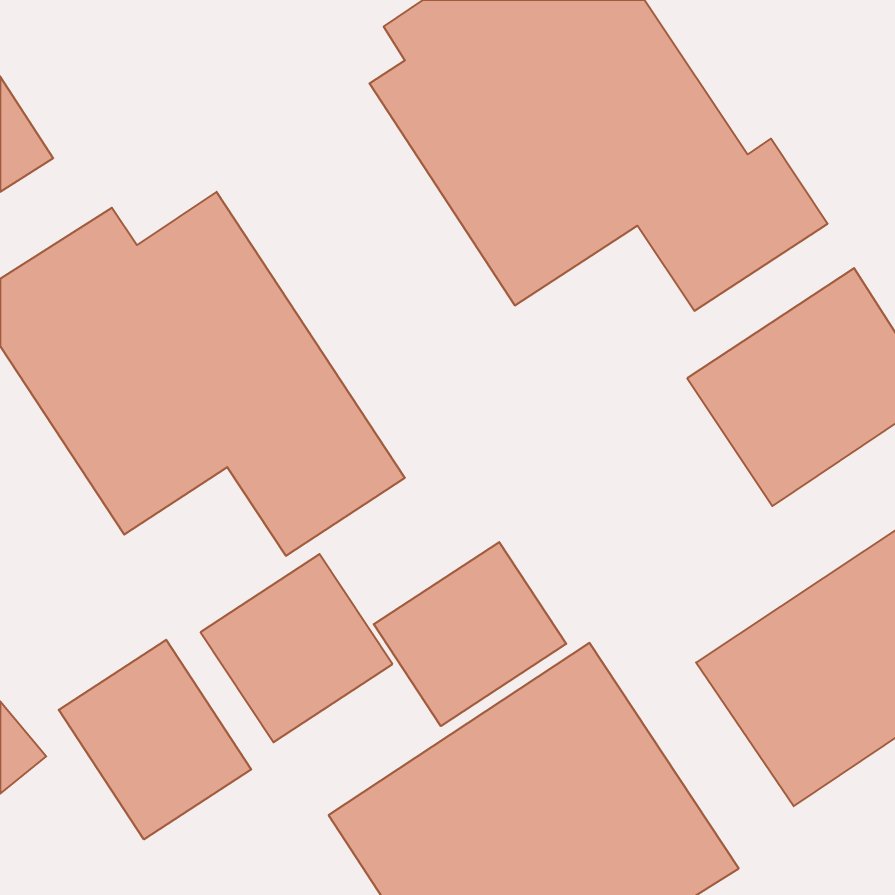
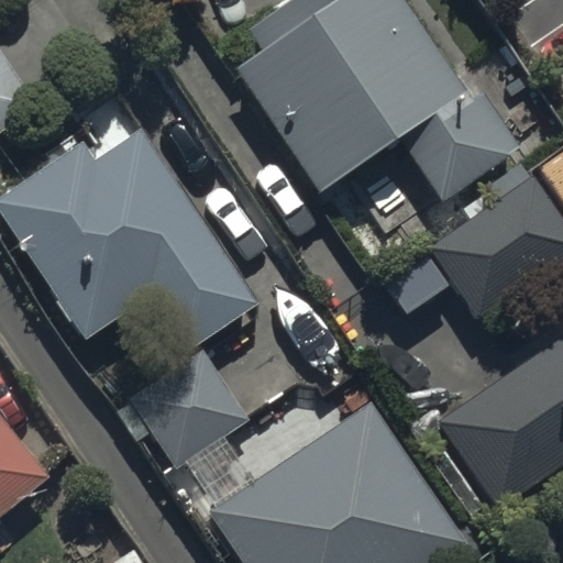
building: [374,542,566,726] -> none
building: [59,640,251,839] -> none

